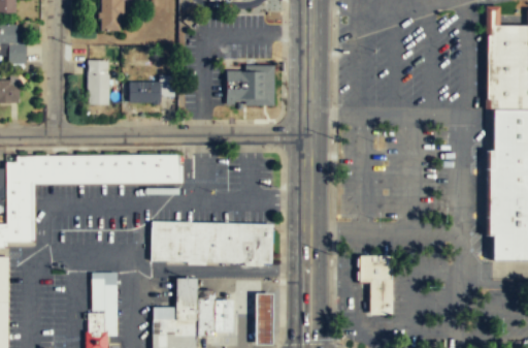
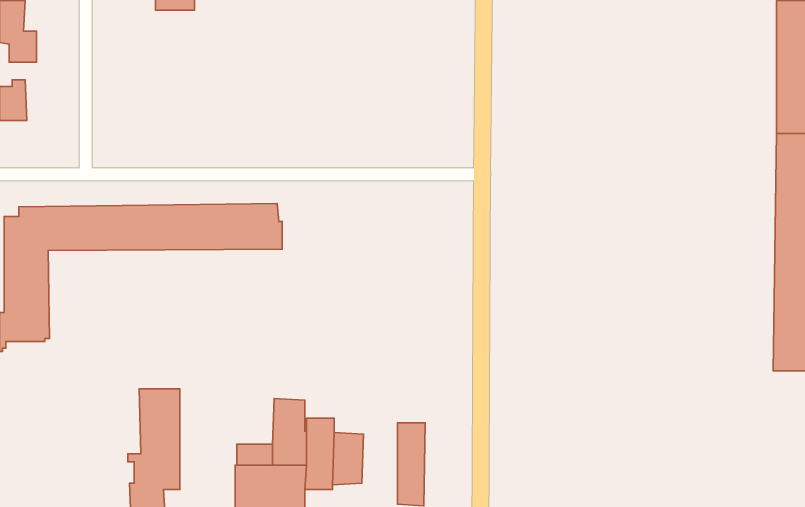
building: [87,62,109,106] -> none
building: [226,65,274,104] -> none
building: [128,76,174,106] -> none
building: [151,221,272,263] -> none
building: [359,256,393,315] -> none

